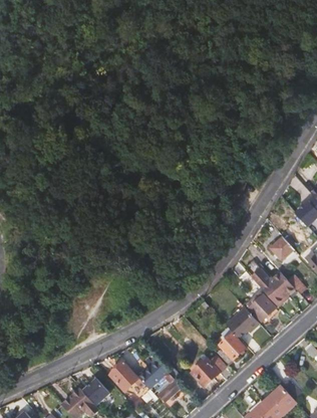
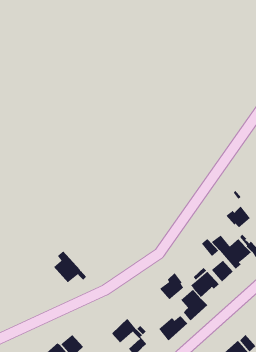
building: none -> [159,272,184,300]
building: [109,357,146,393] -> [53,251,87,283]

